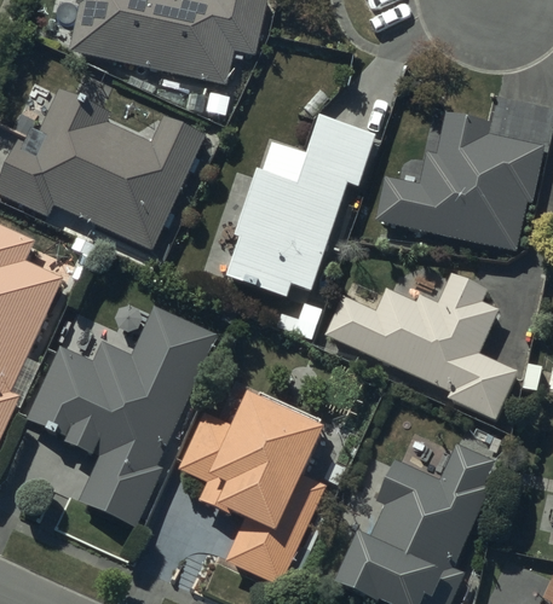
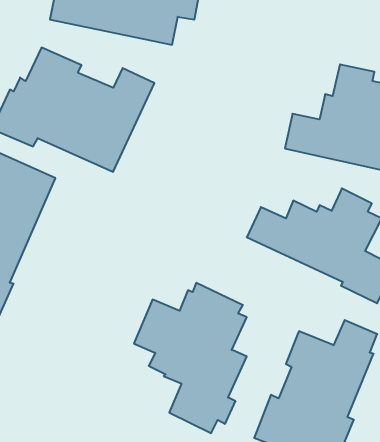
building: [226,117,375,298] -> none
building: [25,304,213,527] -> none

